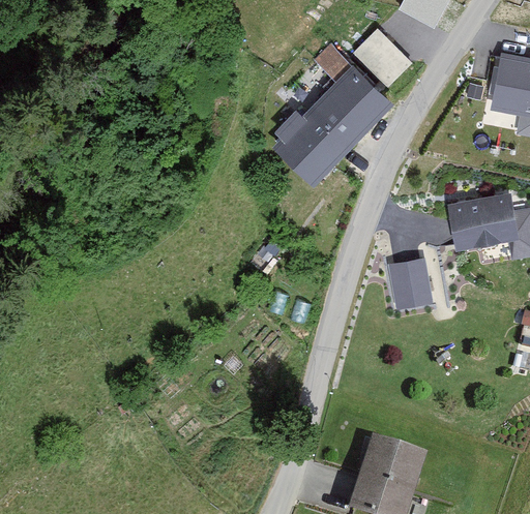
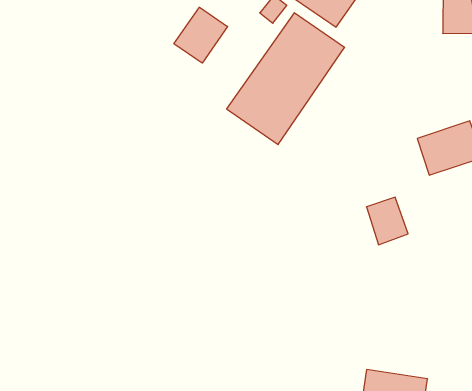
building: none -> [174,7,228,63]

